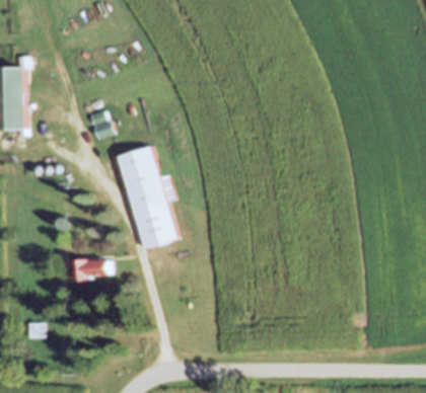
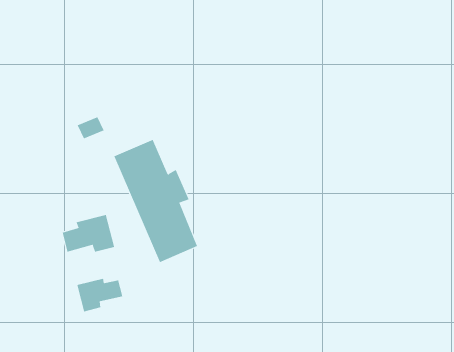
building: none -> [62,214,115,253]

